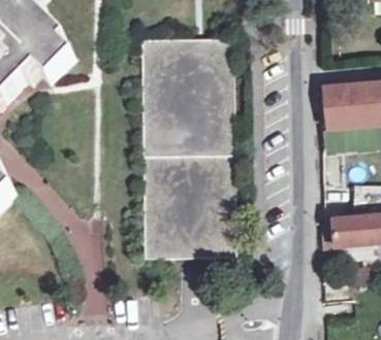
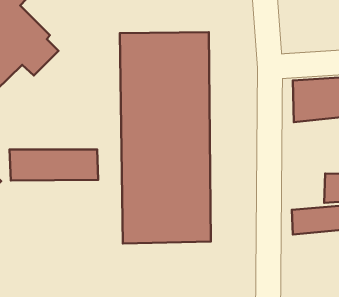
building: none -> [9,149,98,181]

